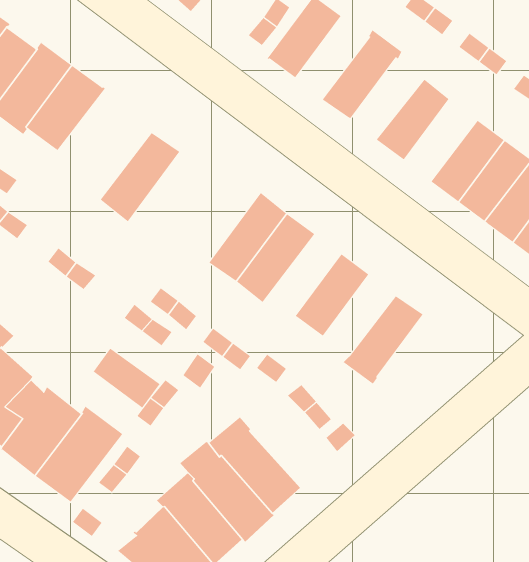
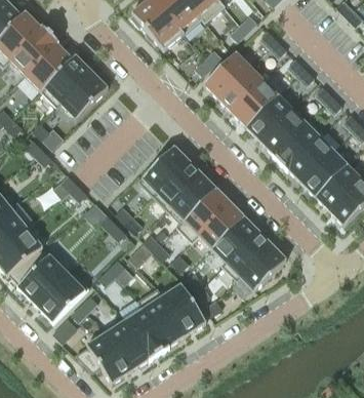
building: none -> [218,66,265,112]
building: none -> [246,94,292,140]
building: none -> [272,118,324,170]
building: [100,131,180,222] -> [138,146,189,196]
building: none -> [176,189,230,242]
building: none -> [212,216,257,262]
building: none -> [240,244,286,291]
building: [93,347,161,408] -> none
building: none -> [162,283,206,333]

